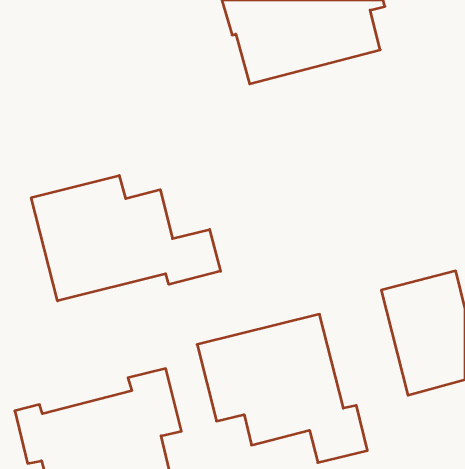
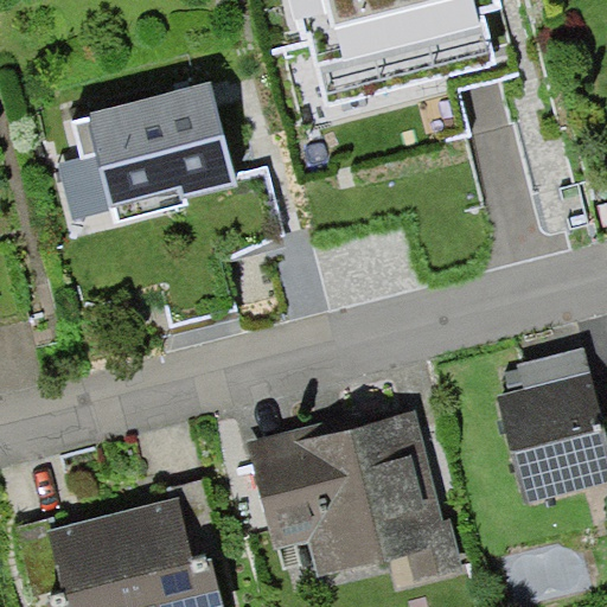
building: none -> [69,79,239,222]
building: [31,175,221,301] -> none

